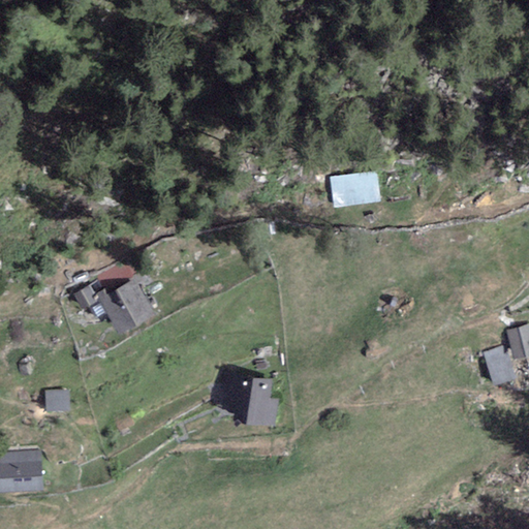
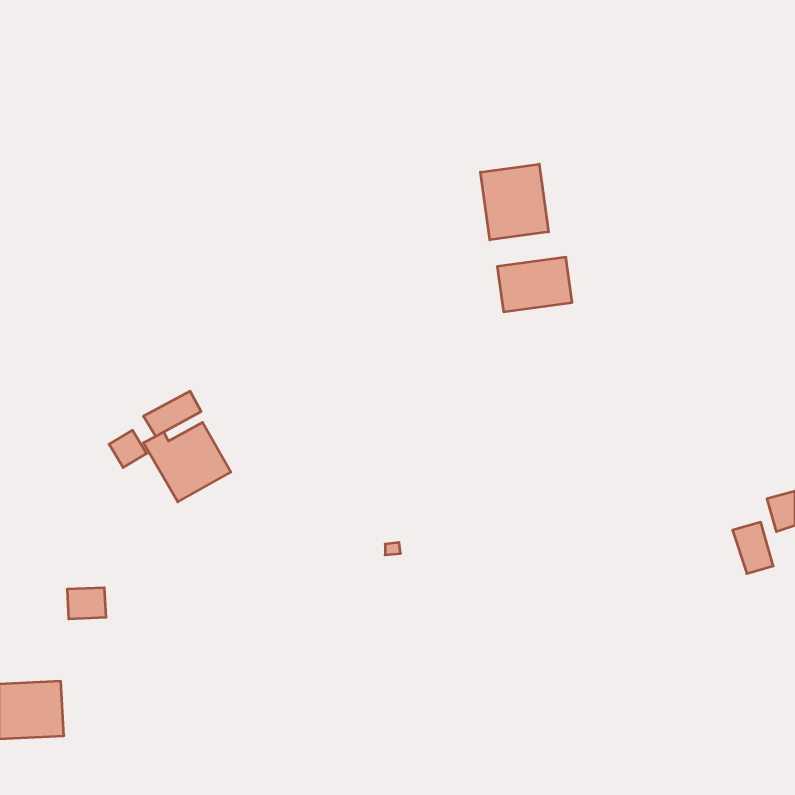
building: none -> [480,164,549,240]
building: [232,375,277,428] -> none

